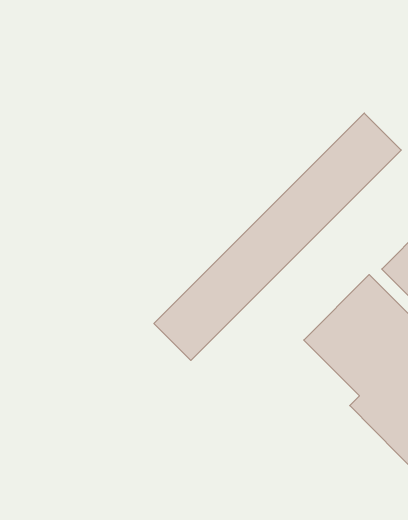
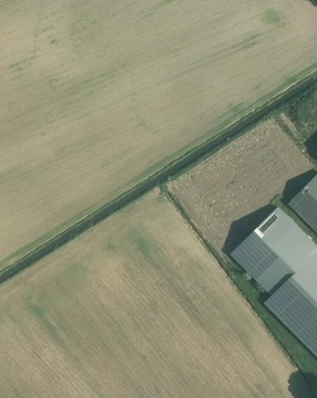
building: [154,113,401,360] -> none

